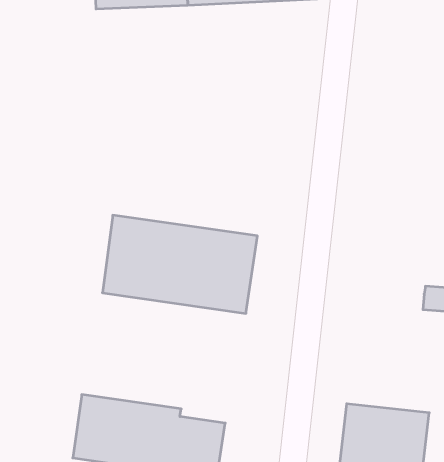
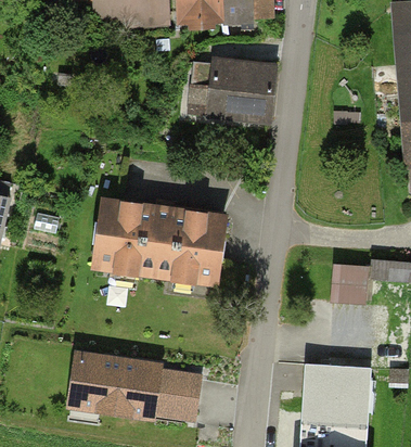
building: none -> [201,55,280,128]
building: none -> [329,263,369,305]

